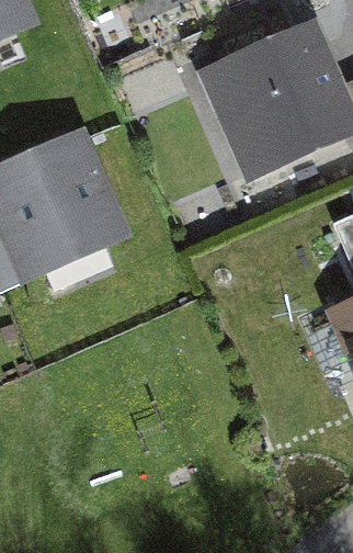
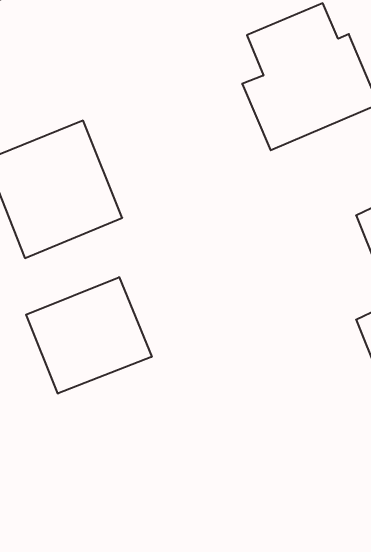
building: none -> [26,277,152,394]

